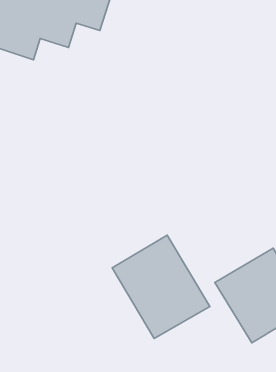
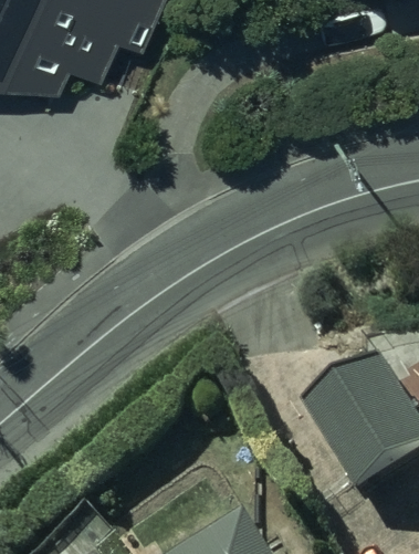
building: [112,235,210,339] -> none

